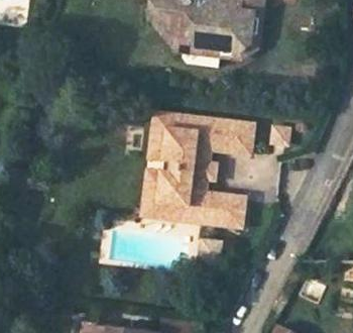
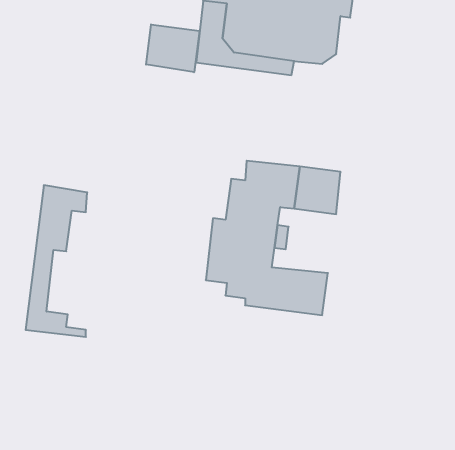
building: none -> [146,24,200,72]
building: [142,112,187,221] -> [26,185,87,337]

